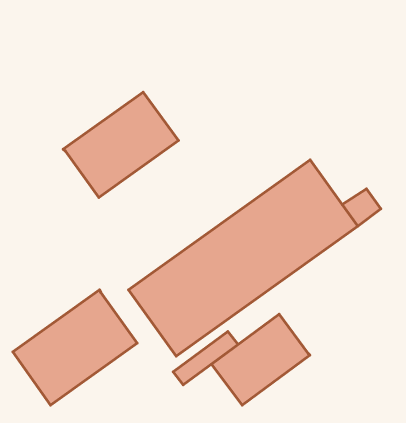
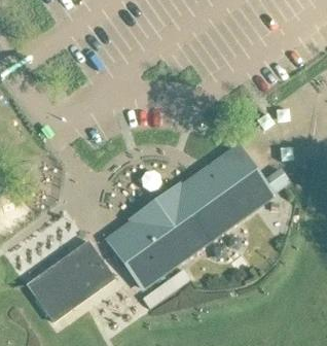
building: [63,92,178,198] -> none
building: [211,314,310,405] -> none

